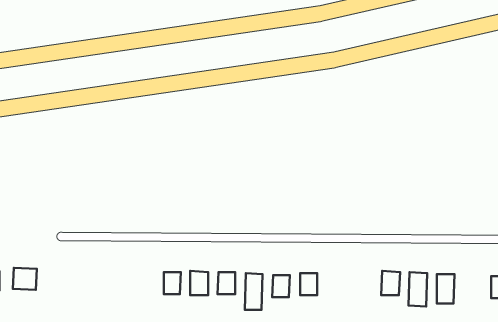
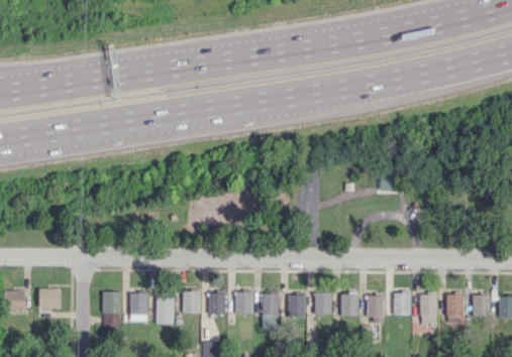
building: none -> [103,290,121,328]
building: none -> [340,291,357,316]
building: none -> [130,292,147,321]
building: none -> [157,292,174,323]
building: none -> [368,293,384,316]
building: none -> [473,293,490,316]

